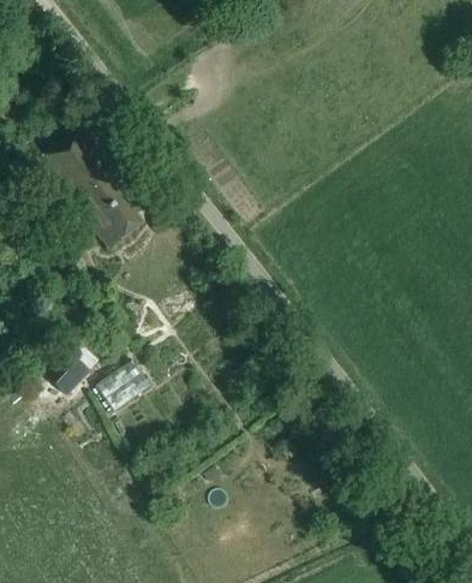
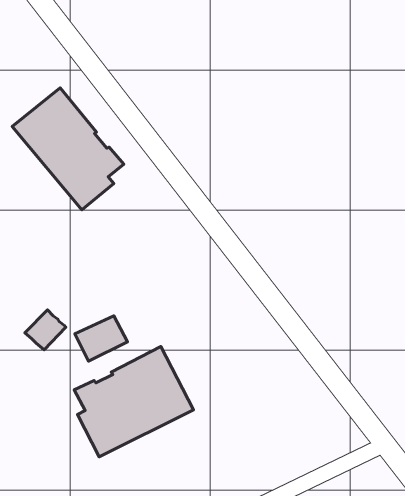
building: none -> [74,347,193,457]

